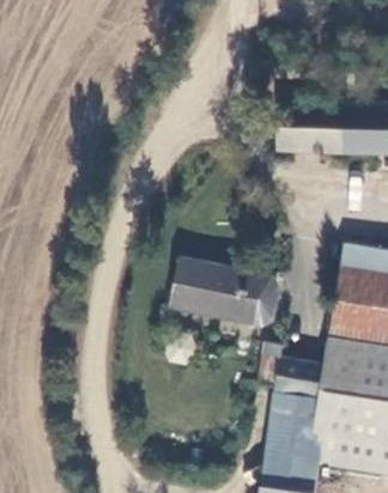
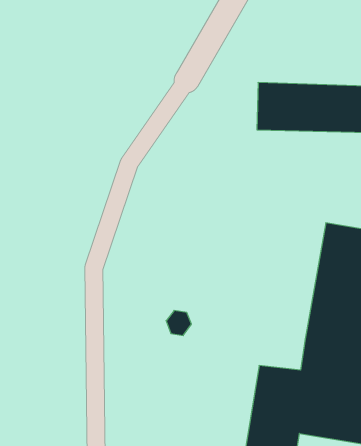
building: [168,262,275,327] -> none
building: [257,345,323,401] -> none

